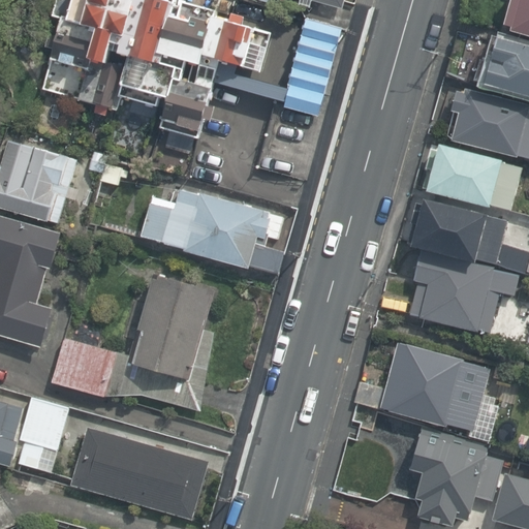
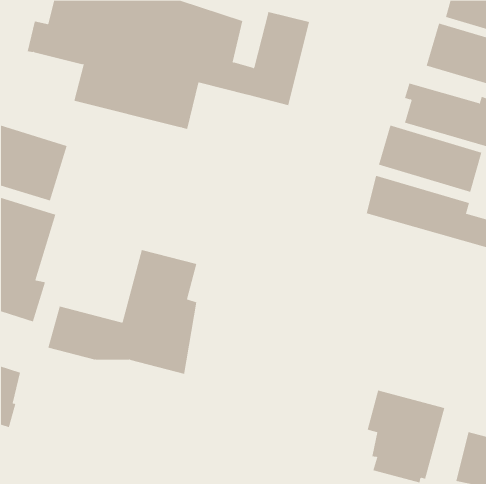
building: [139,184,285,274] -> none
building: [401,257,518,340] -> none
building: [368,339,496,435] -> none
building: [18,396,69,467] -> none
building: [71,425,209,520] -> none

